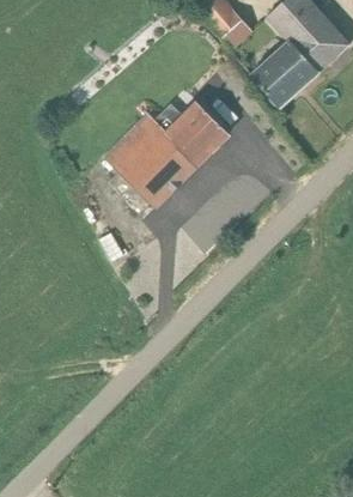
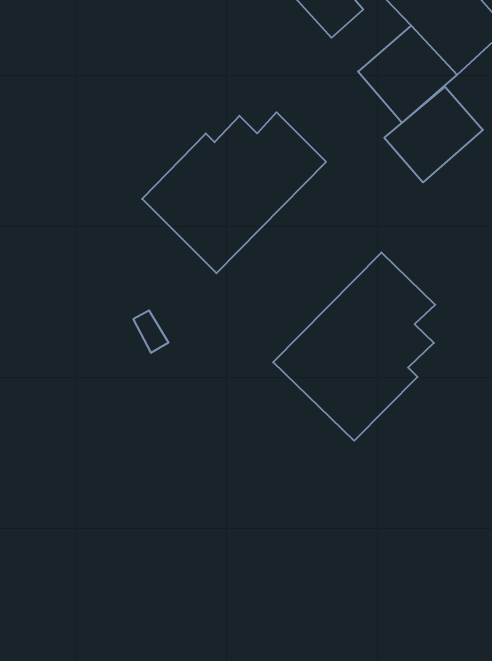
building: none -> [384,87,483,182]
building: none -> [273,252,435,441]

